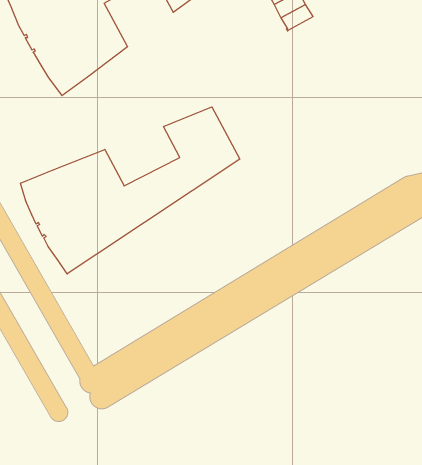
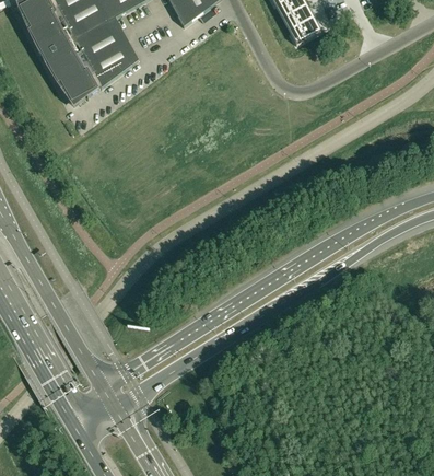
building: [21,107,240,274] -> none

